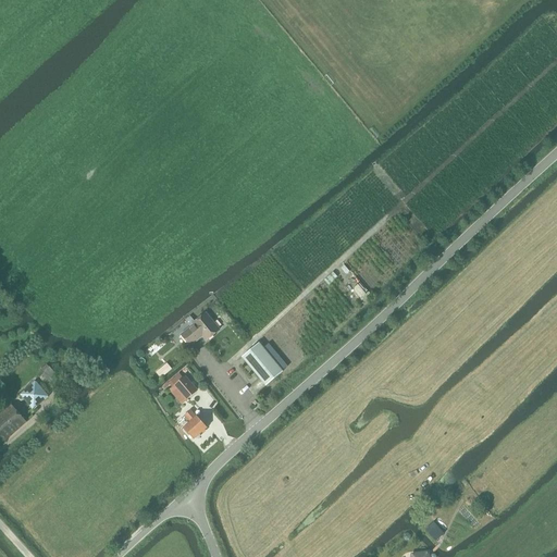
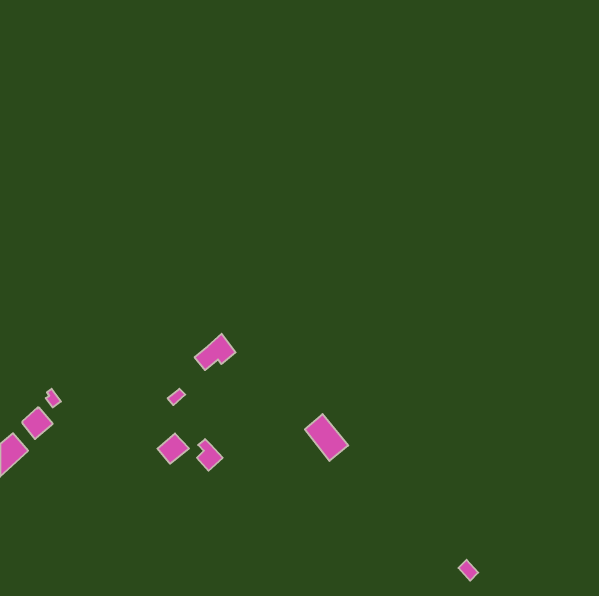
building: [242,341,282,384] -> [305,414,348,461]
building: [169,374,198,403] -> [157,433,189,464]

